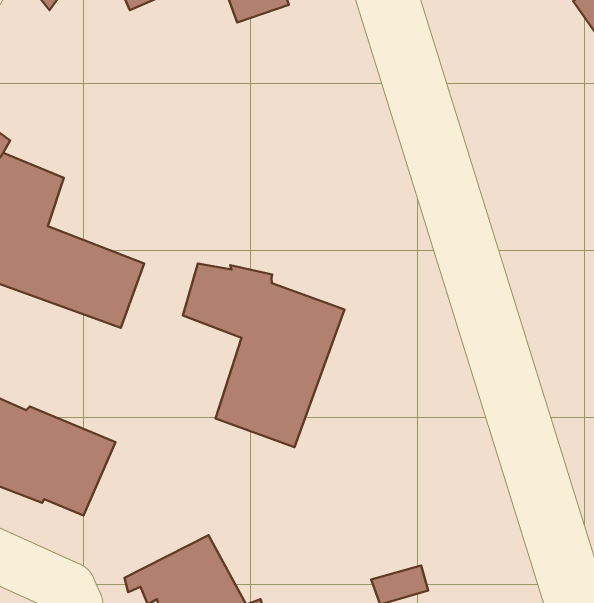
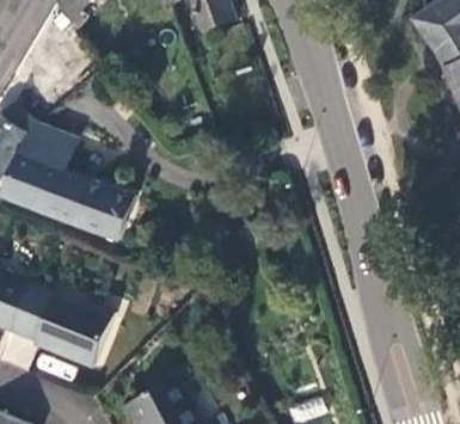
building: [183,264,344,447] -> none

